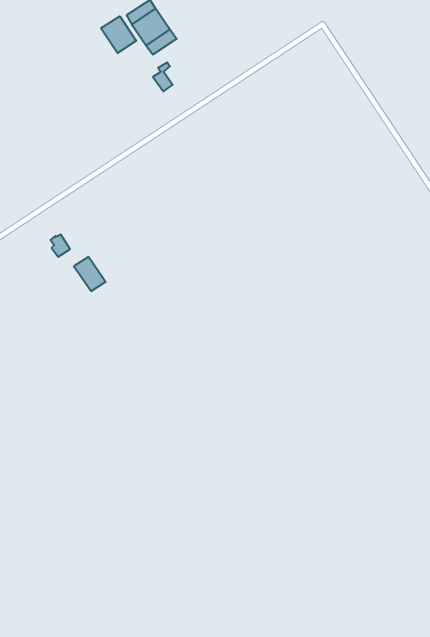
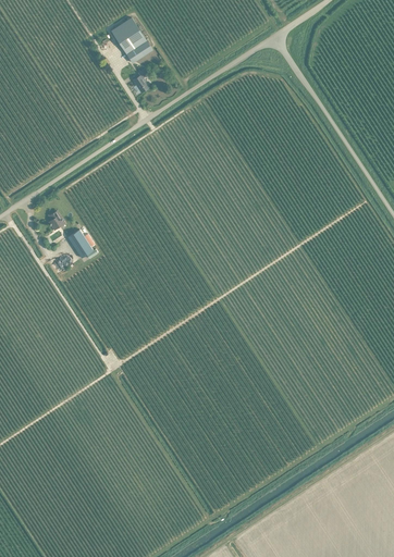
building: [101,16,136,53] -> none

